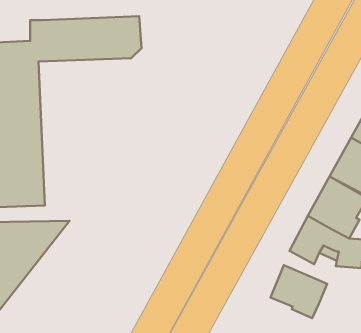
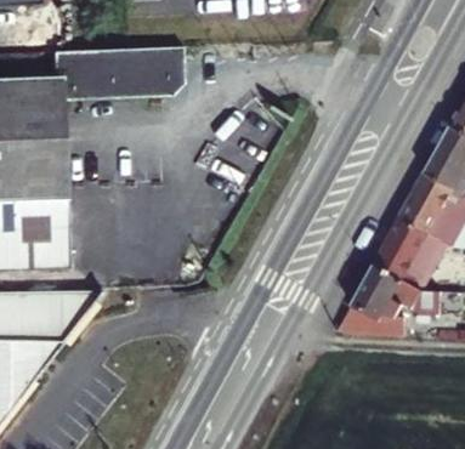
building: [270,265,327,318] -> none

